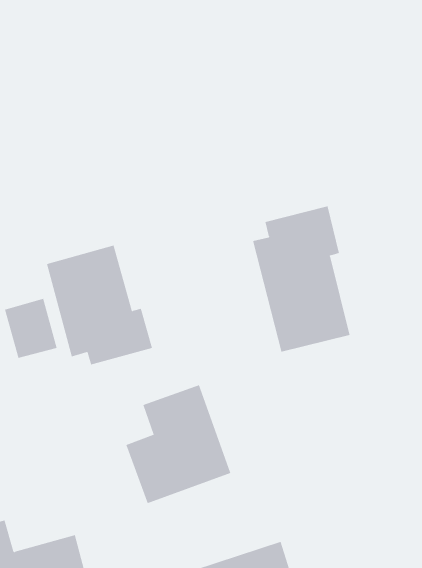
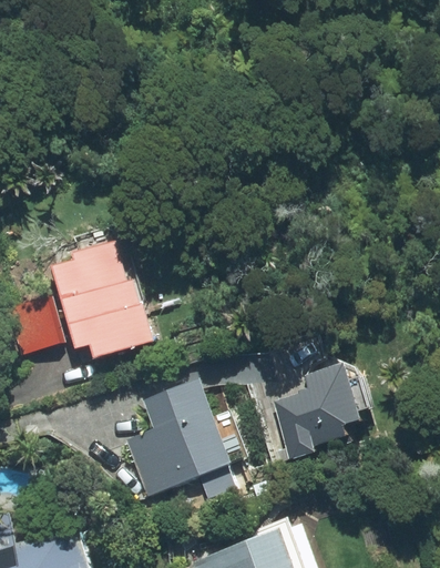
building: [252,205,350,352] -> none
building: none -> [273,366,361,459]

